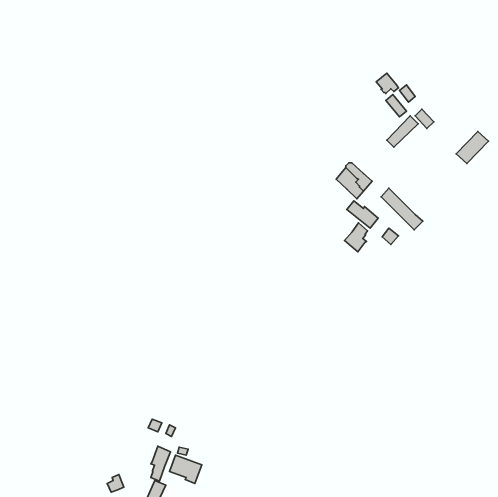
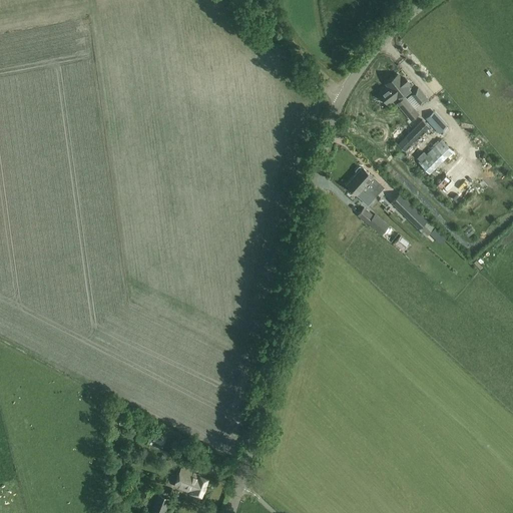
building: [456,131,488,164] -> [418,142,451,175]
building: [345,223,368,252] -> none
building: [151,446,170,481] -> none

